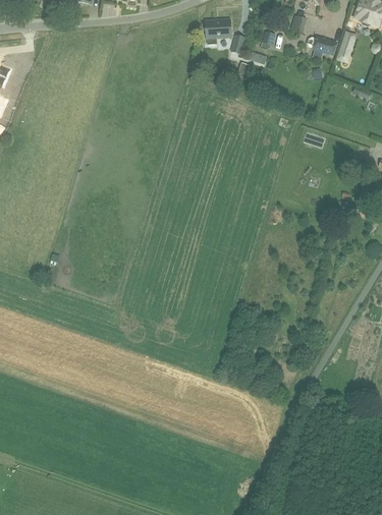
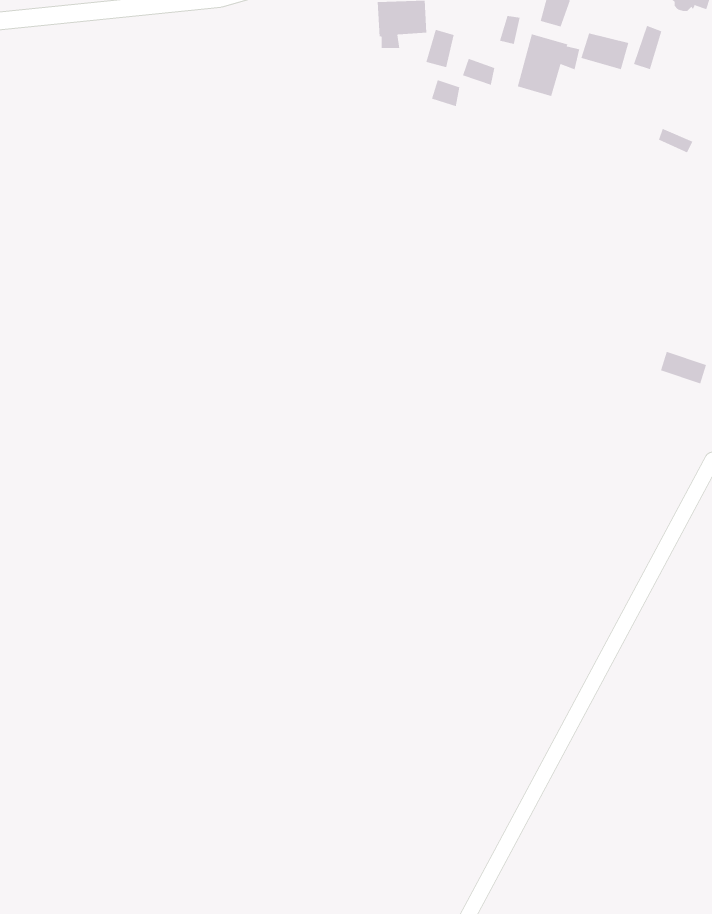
building: none -> [517,33,580,97]

